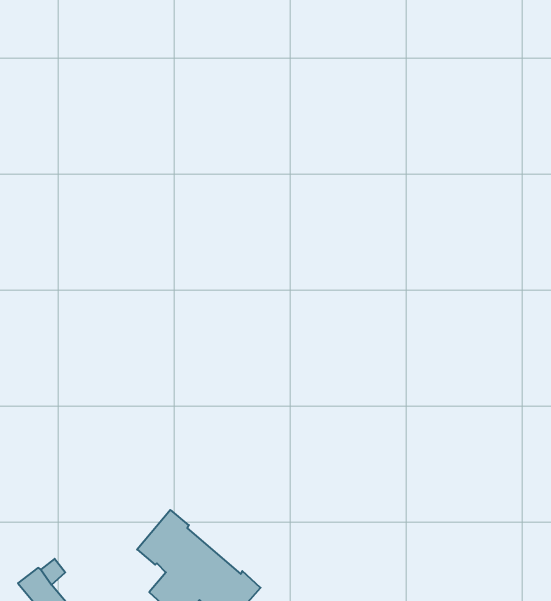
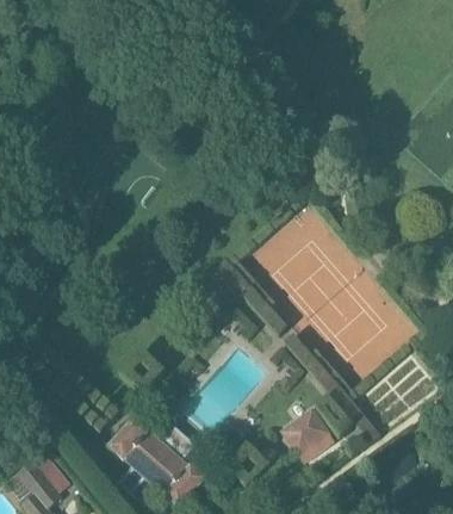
building: none -> [279,409,329,457]

